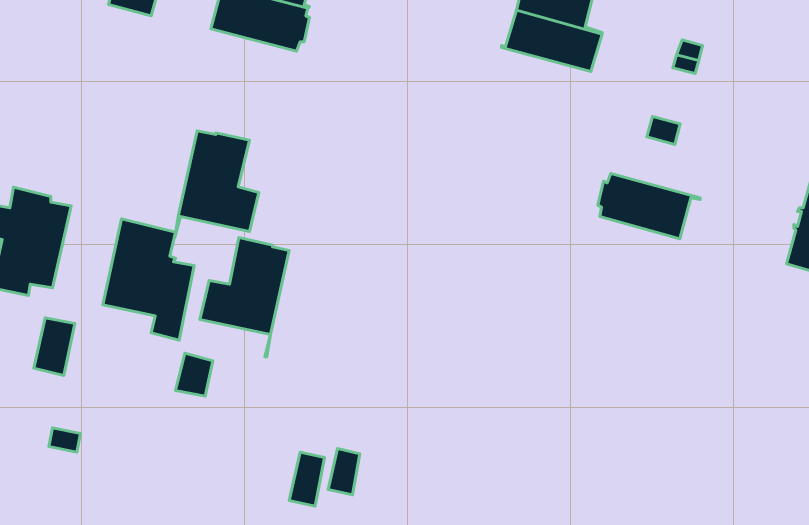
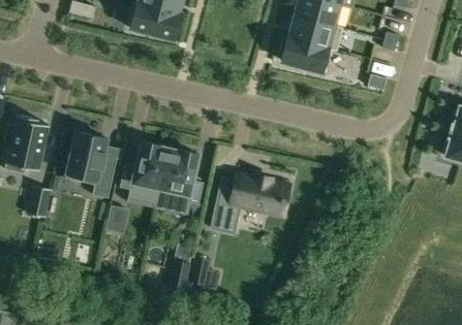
building: [175,131,259,237] -> [157,149,204,207]
building: [598,174,700,239] -> [280,36,337,72]
building: none -> [212,174,289,233]

